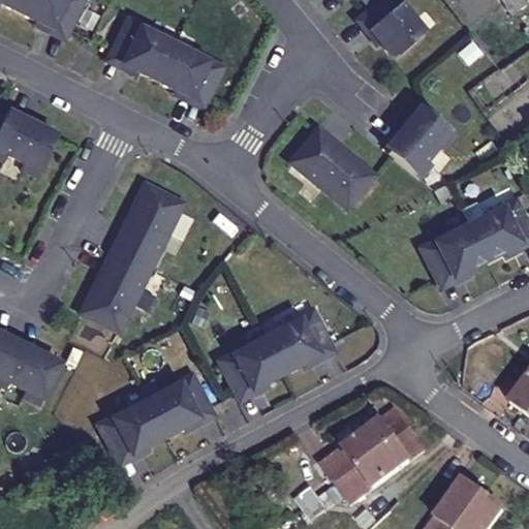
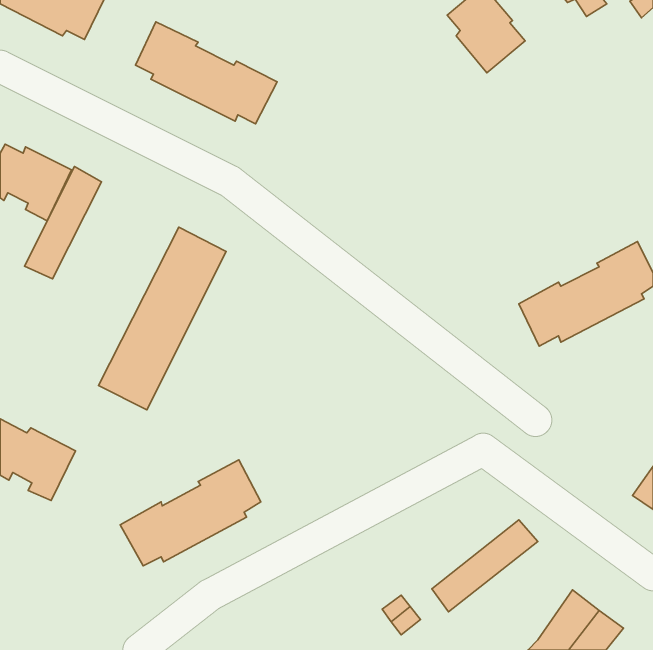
building: [387,104,456,178] -> none
building: [289,128,373,208] -> none
building: none -> [25,167,102,279]
building: [217,308,332,394] -> none
building: [333,399,419,476] -> none

